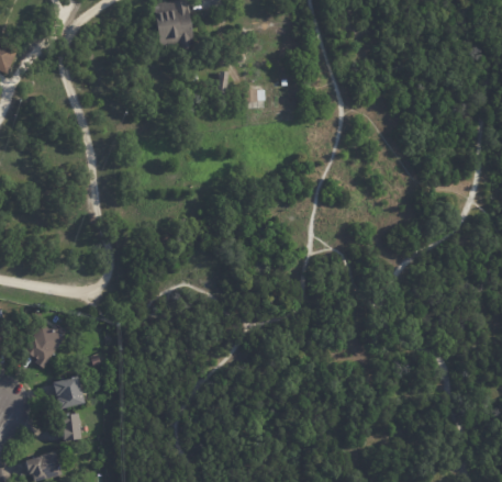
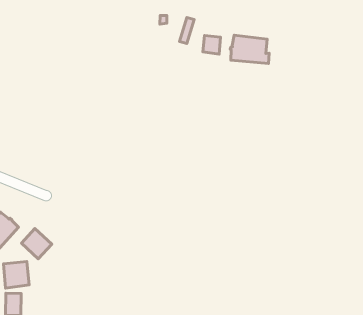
building: none -> [230,35,269,63]
building: none -> [21,229,52,259]

